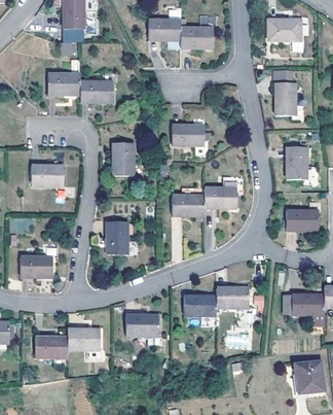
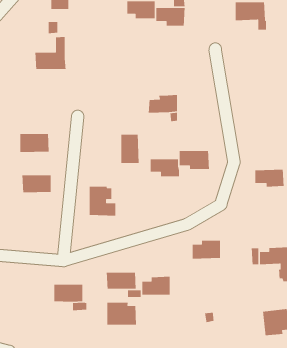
building: [271,71,296,115] -> none
building: [80,75,116,104] -> none
building: [287,142,308,175] -> none
building: [112,146,133,179] -> [121,134,139,164]
building: [20,257,52,278] -> [21,175,51,193]
building: [187,290,219,312] -> [141,276,170,296]
building: [34,340,67,360] -> none
building: none -> [106,302,137,326]

